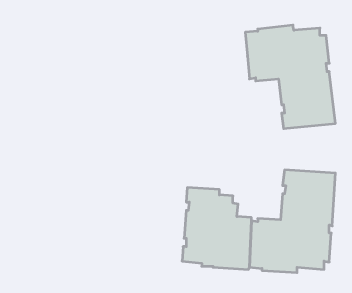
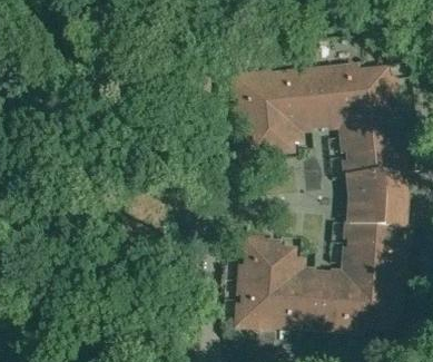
building: none -> [232,67,307,158]
building: none -> [344,167,402,221]

